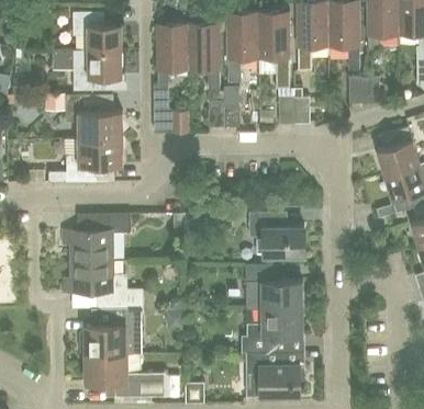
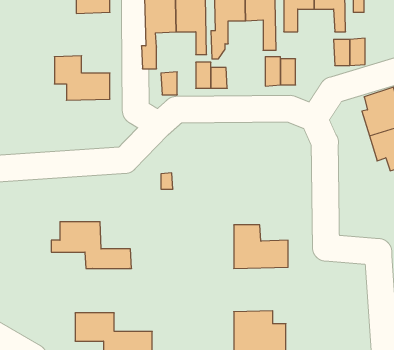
building: [53,50,121,91] -> none
building: [47,138,122,183] -> none
building: [248,212,304,257] -> none
building: [62,214,130,262] -> none
building: [241,308,301,353] -> none
building: [86,309,141,354] -> none

